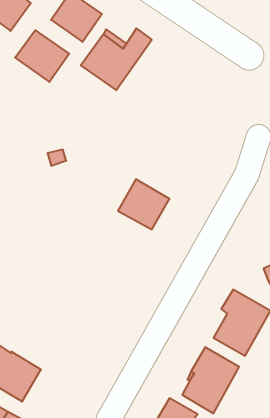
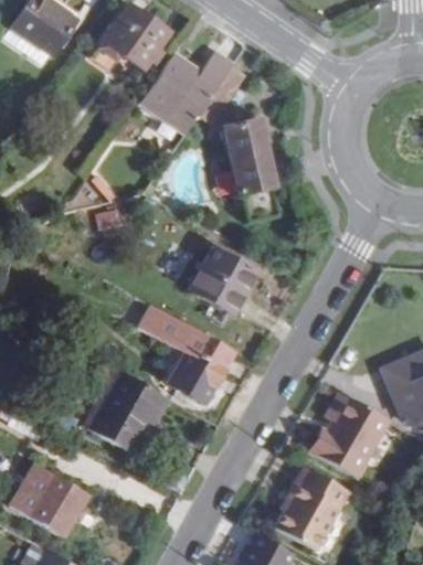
building: [15,30,69,82] -> none
building: none -> [222,117,279,222]
building: none -> [140,306,232,405]
building: none -> [88,370,169,456]

